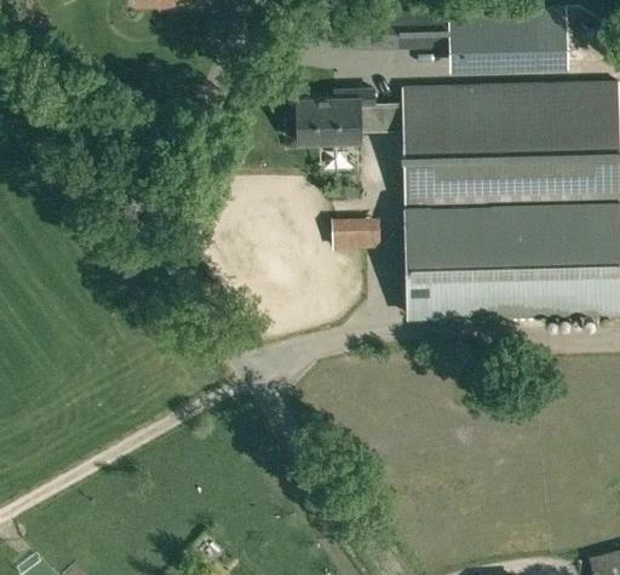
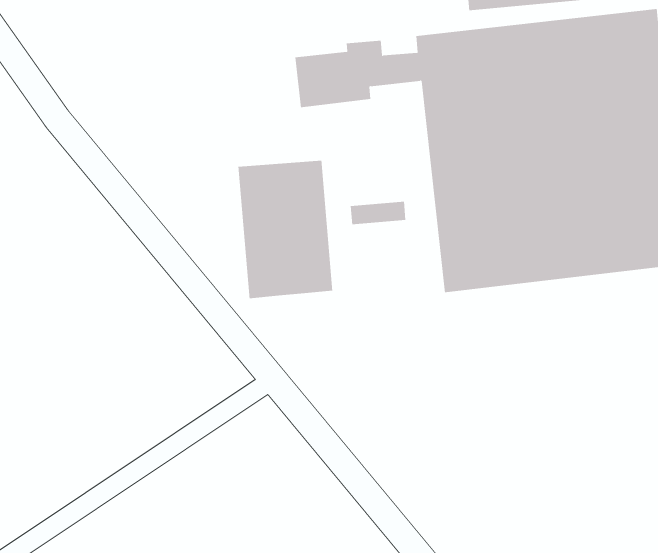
building: none -> [238,160,333,299]

